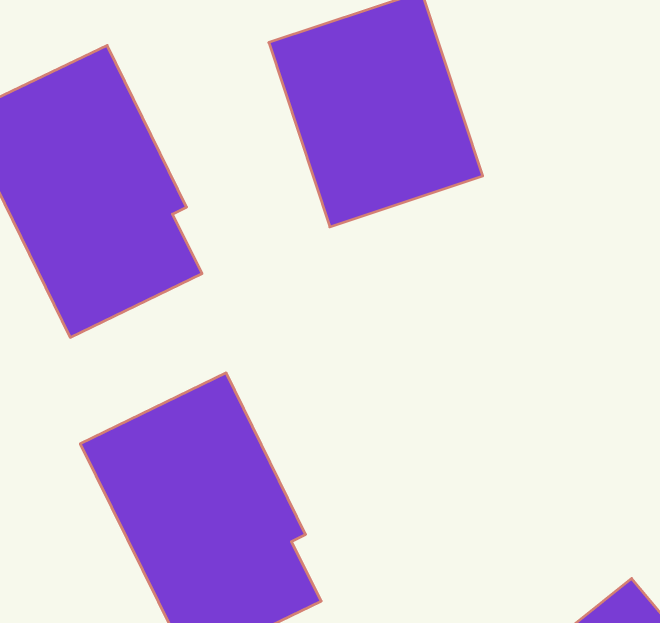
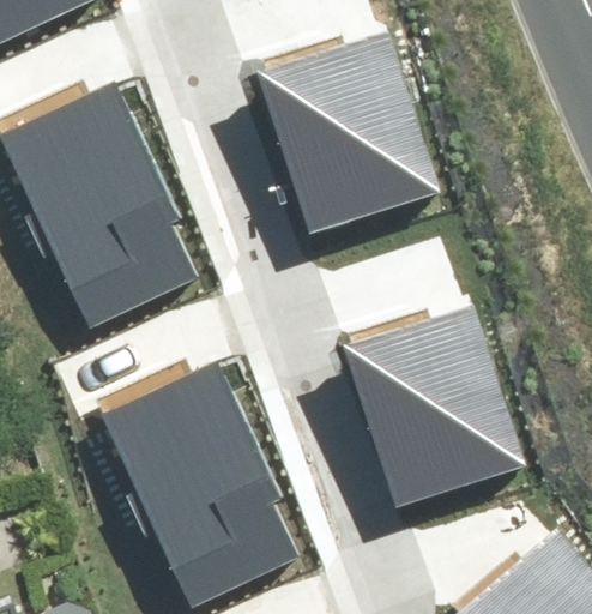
building: none -> [339,297,521,496]

